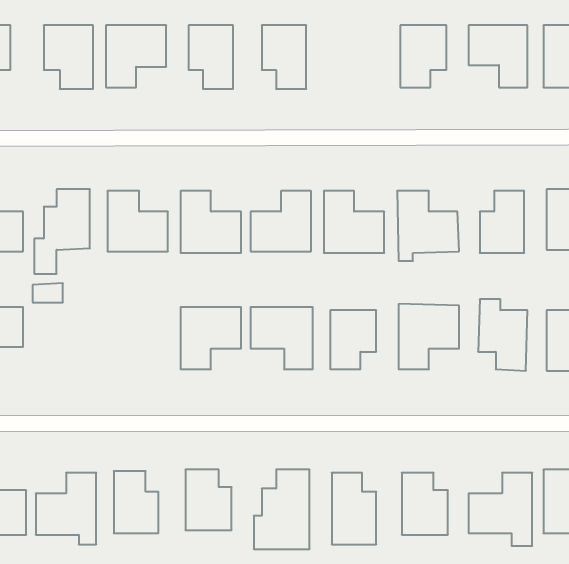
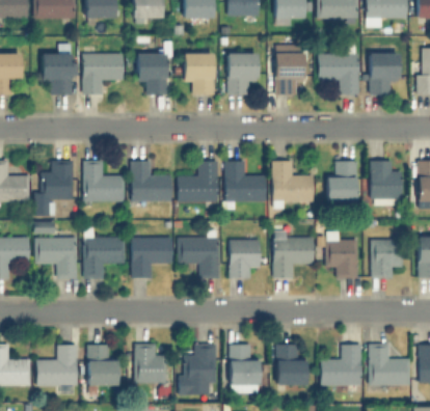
building: none -> [229,54,257,94]
building: none -> [35,238,77,278]
building: none -> [84,238,125,277]

